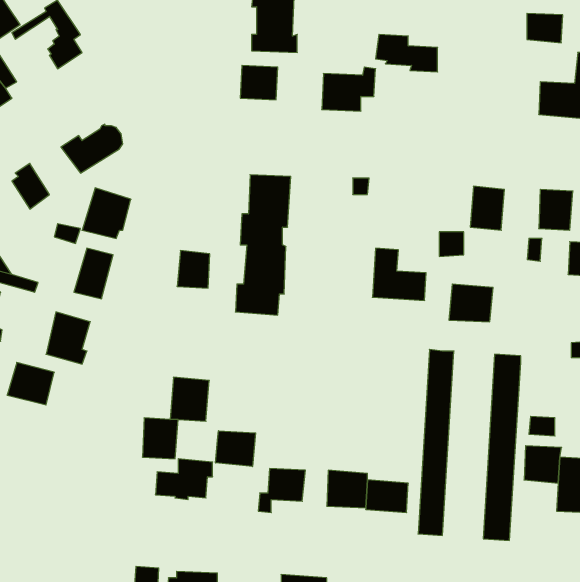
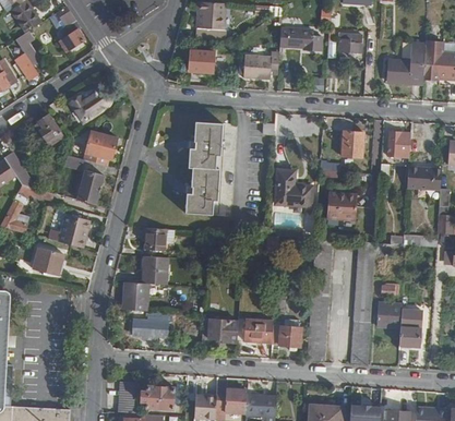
building: [527,13,563,43] -> [339,31,363,50]
building: [177,251,210,288] -> [143,227,165,252]
building: [216,431,256,467] -> none

